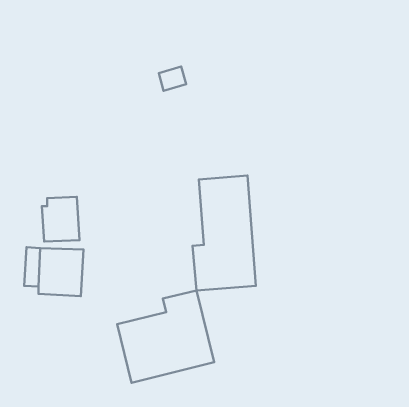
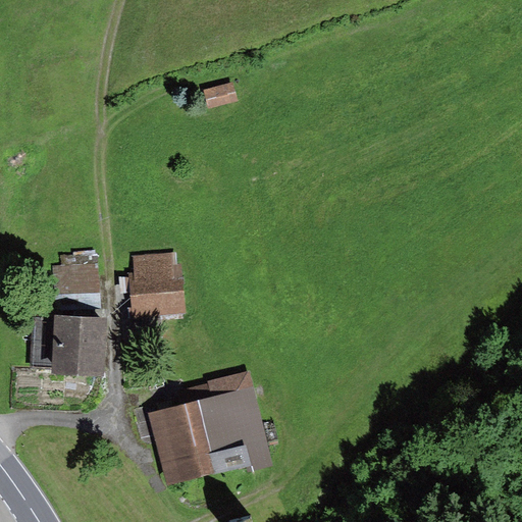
building: [193,176,256,291] -> none
building: none -> [128,250,185,318]

